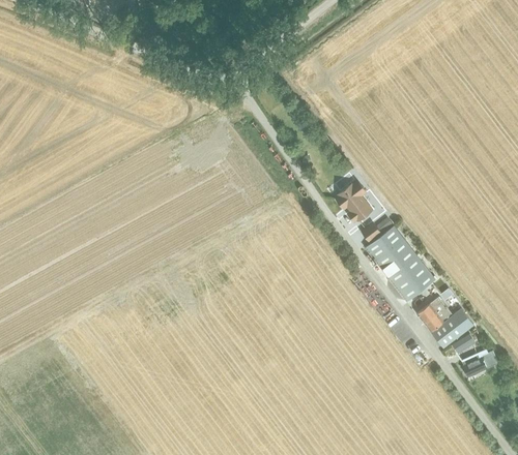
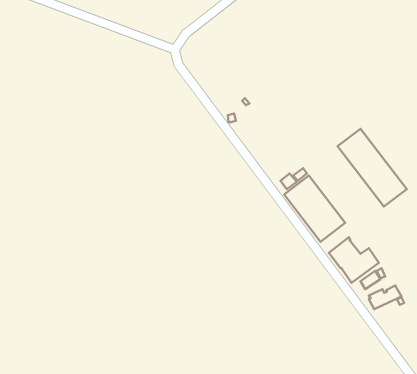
building: none -> [338,129,407,207]
building: [334,179,371,219] -> none

